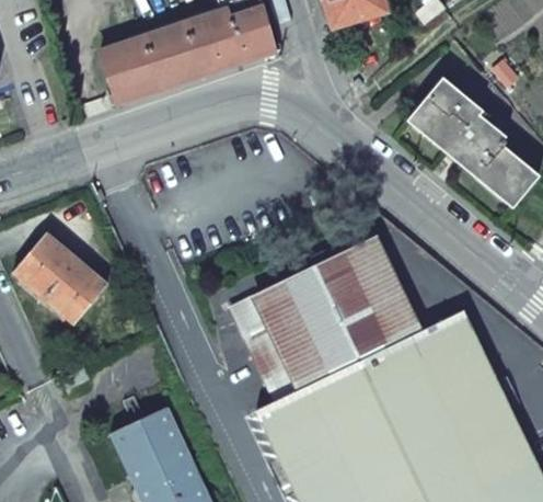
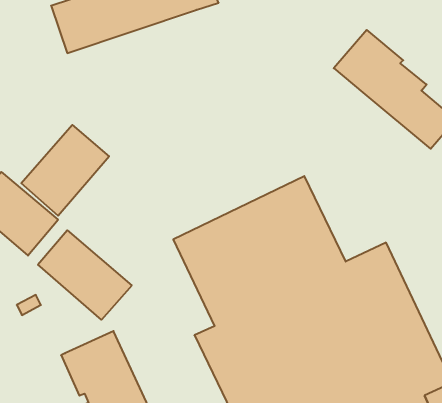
building: none -> [21,125,109,216]
building: none -> [38,230,132,320]

